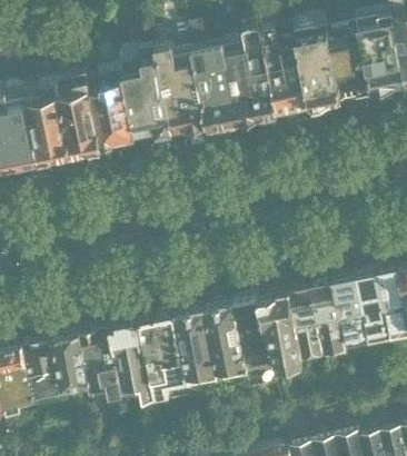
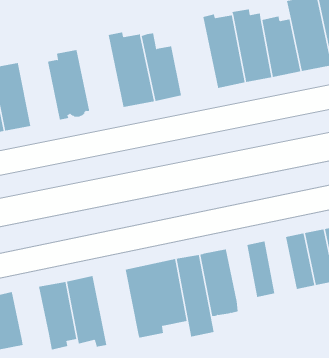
building: [224,30,279,121] -> none
building: [122,53,173,141] -> none
building: [57,78,102,156] -> none
building: [332,279,367,343] -> none
building: [289,288,322,351] -> none
building: [140,316,191,400] -> none
building: [50,335,90,394] -> none

